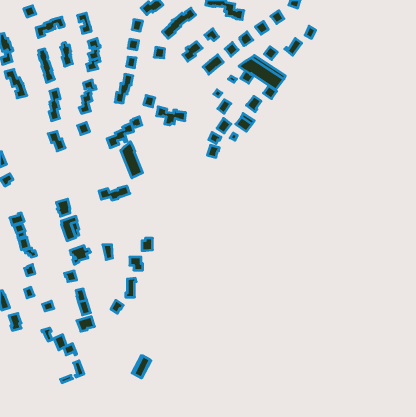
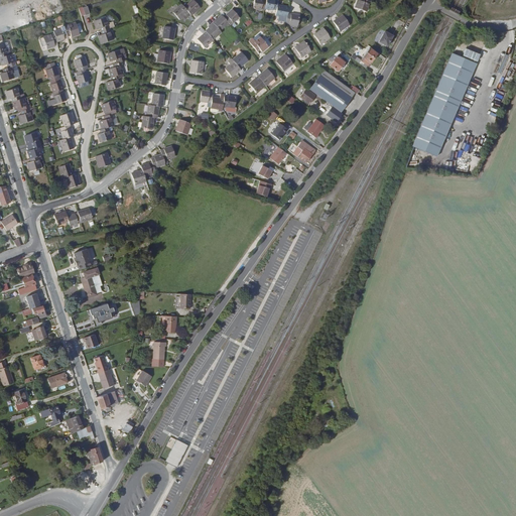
building: none -> [416,57,482,160]
building: none -> [25,129,42,168]
building: [156,107,186,125] -> [201,89,237,111]
building: [121,142,143,178] -> none
building: [99,186,130,200] -> [54,207,93,224]

